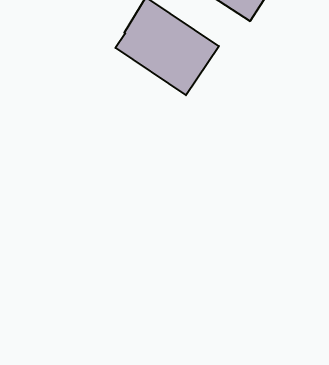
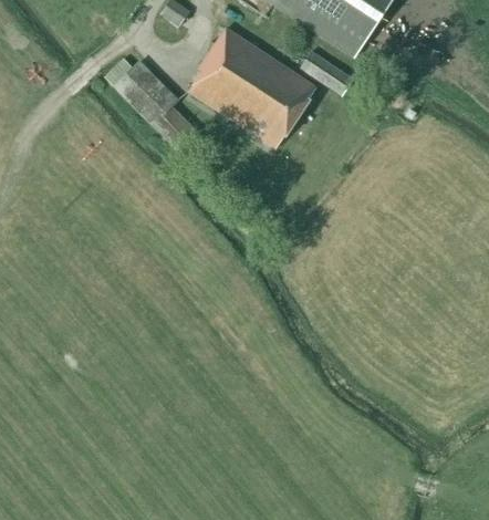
building: none -> [299,52,353,96]
building: none -> [104,58,197,152]

